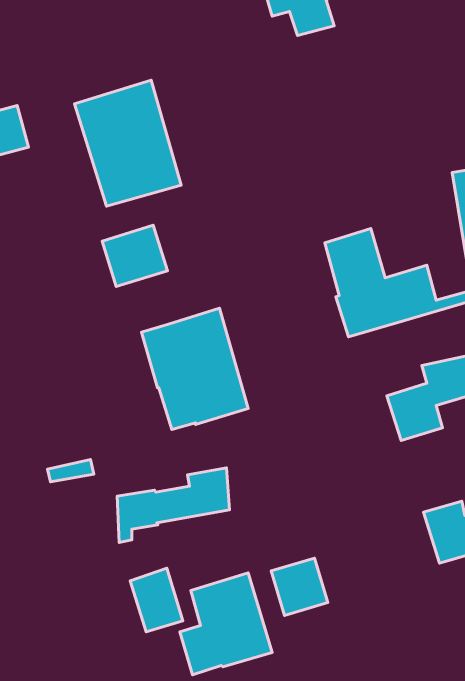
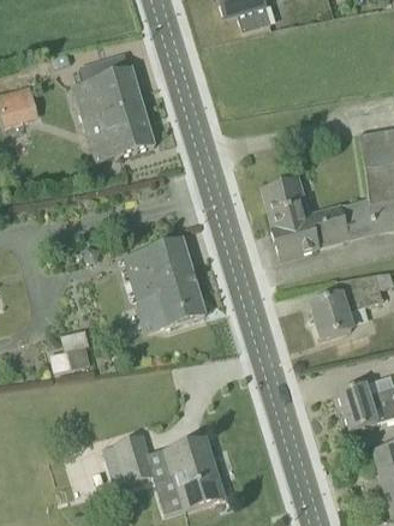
building: [102,225,167,287] -> none
building: [117,468,229,543] -> none
building: [271,558,328,615] -> none

